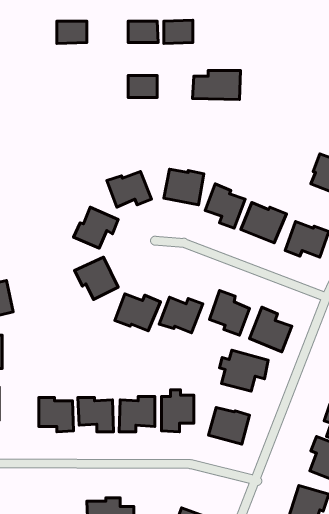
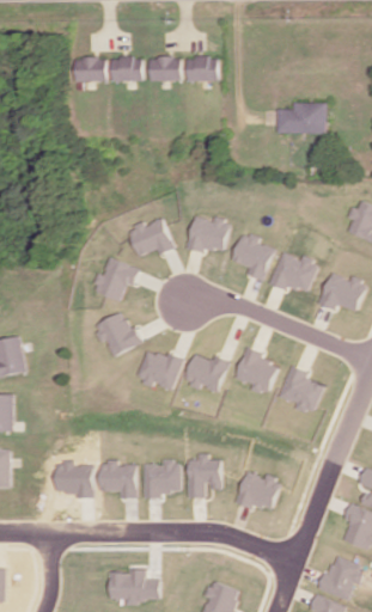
building: [193,71,241,100] -> [278,103,329,134]
building: [128,75,157,98] -> [111,57,142,81]
building: [219,350,268,391] -> none

